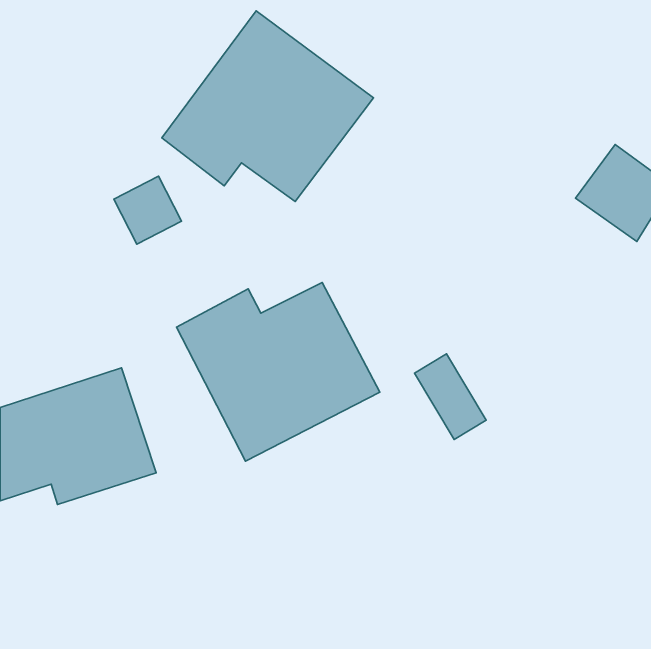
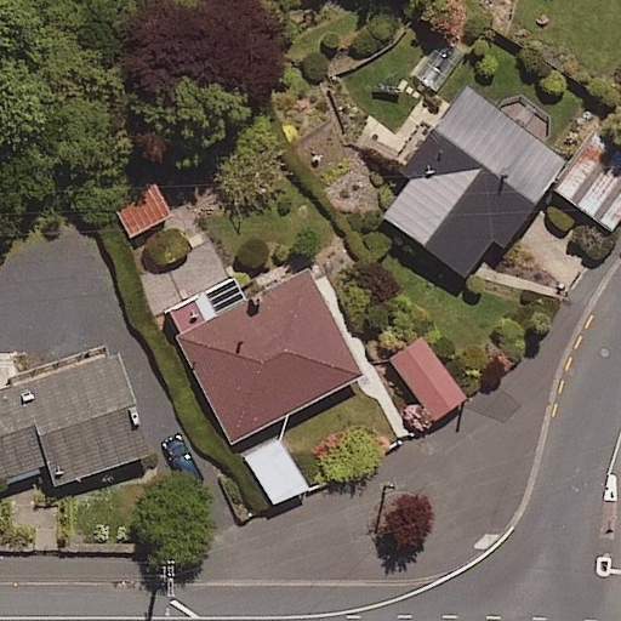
building: [162,11,373,202] -> none
building: none -> [372,90,556,286]

